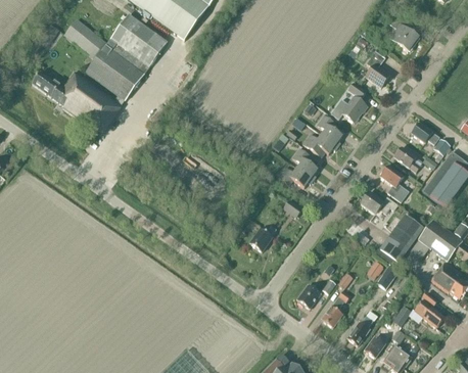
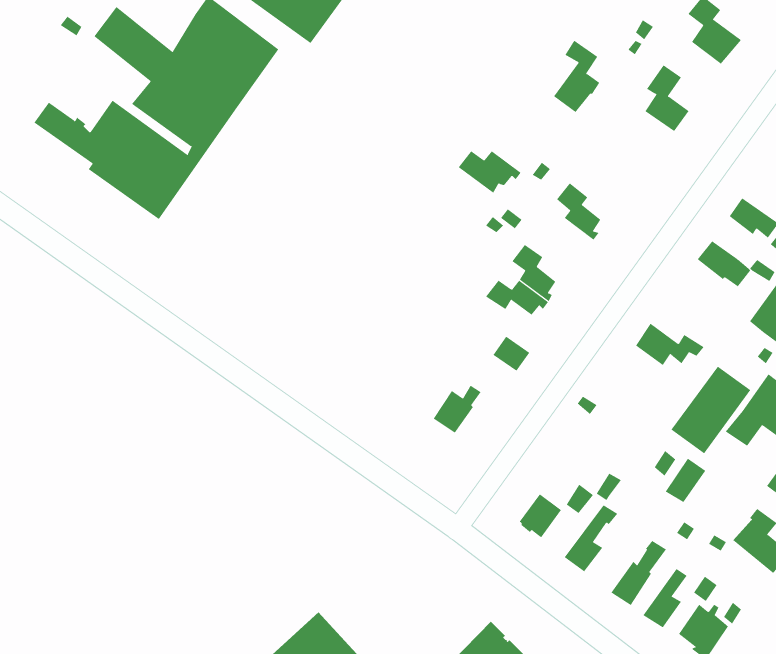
building: [341,82,367,122] -> [553,40,600,113]
building: [302,134,337,157] -> [458,150,521,193]
building: [380,165,409,202] -> none

